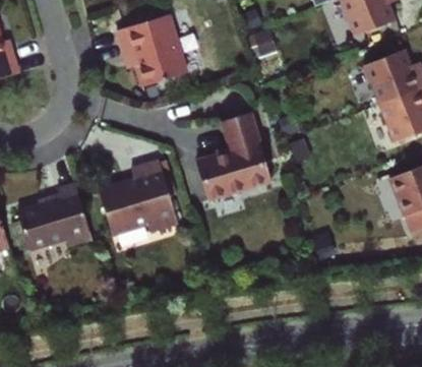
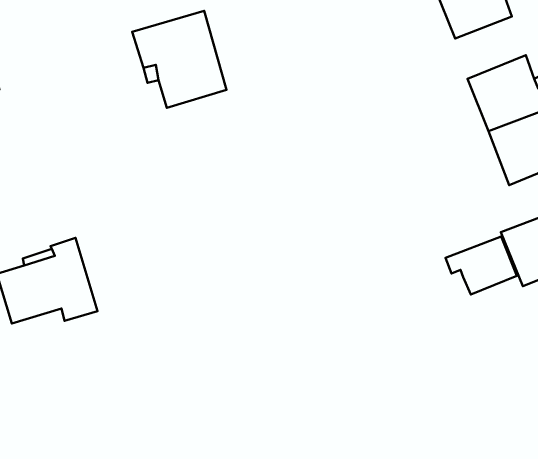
building: [196,113,270,198] -> none
building: [98,159,176,231] -> none
building: none -> [445,236,517,294]

